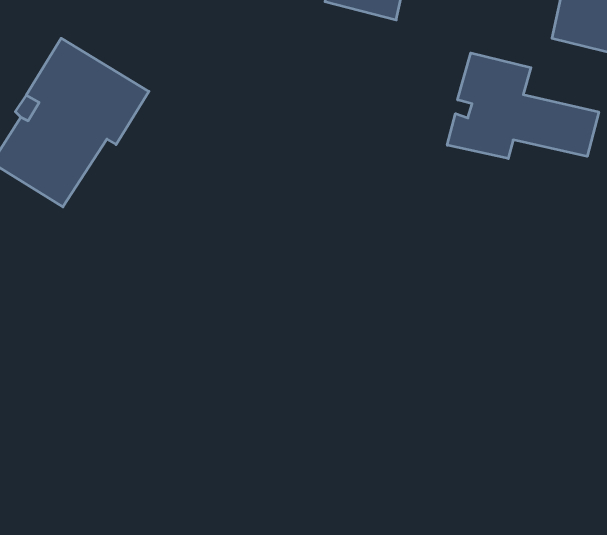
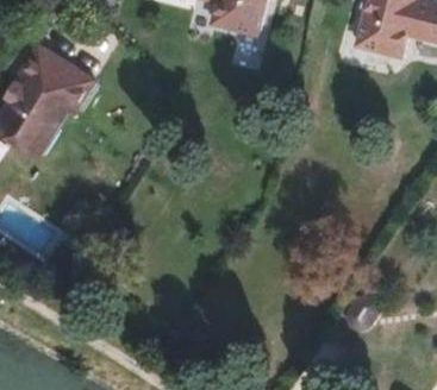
building: [447,53,599,159] -> none

